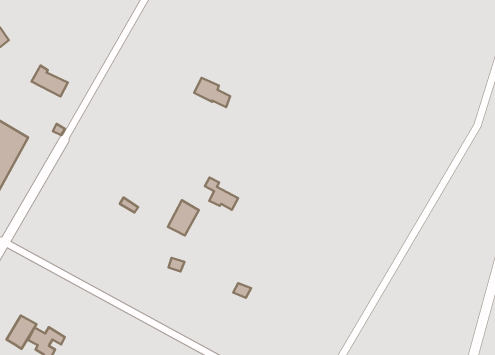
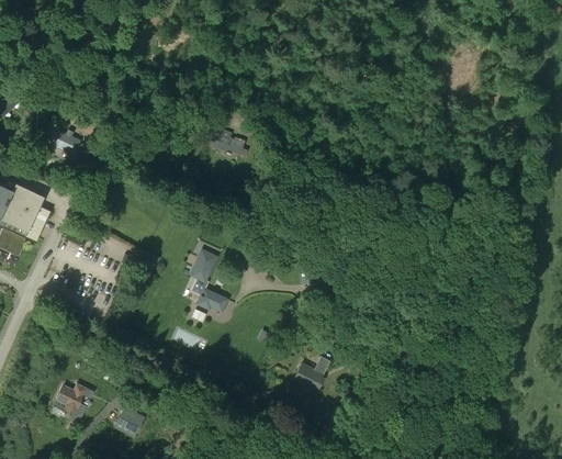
building: [205,178,238,210] -> [192,281,226,312]
building: [6,315,37,349] -> none
building: none -> [292,363,324,392]

